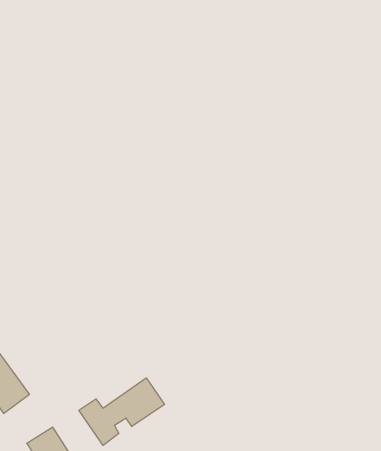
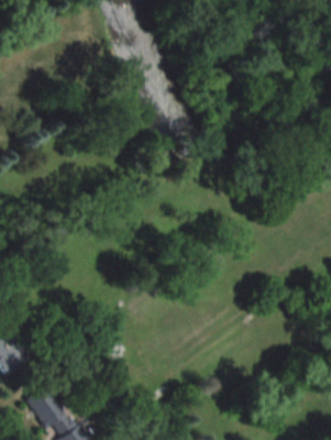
building: [79,378,165,445] -> none

